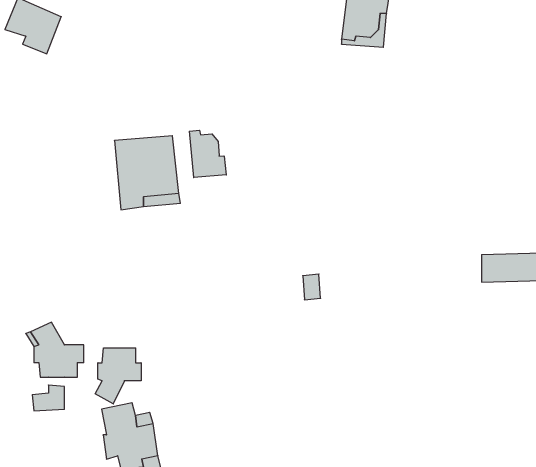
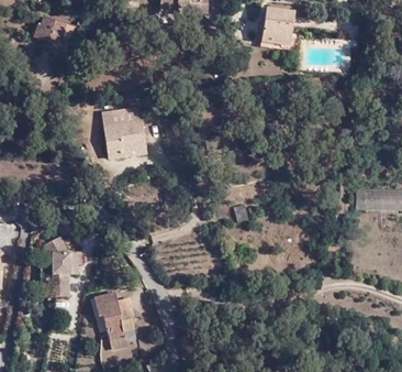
building: [189,130,226,178] -> none
building: [95,348,141,404] -> none

